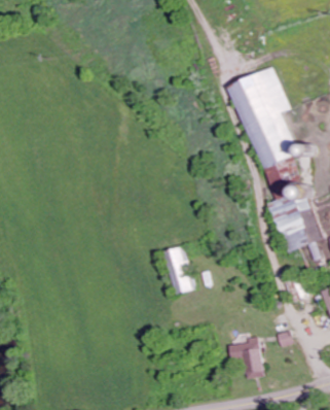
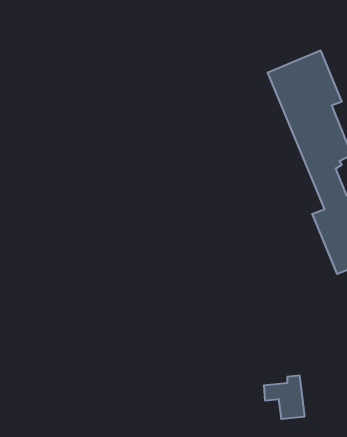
building: [161,247,192,295] -> none

